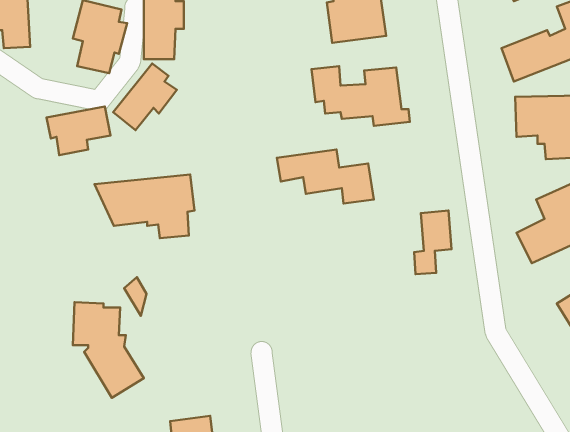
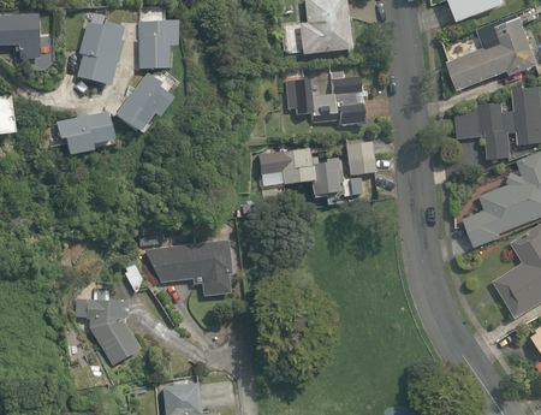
building: [95,175,194,238] -> [145,241,232,296]
building: [414,210,451,274] -> [343,140,375,195]

